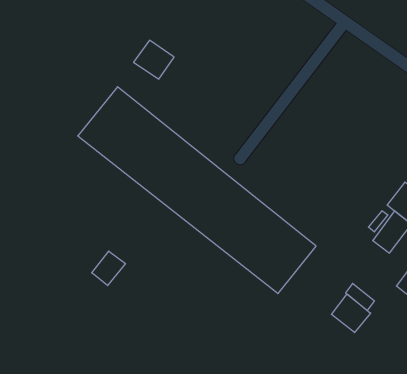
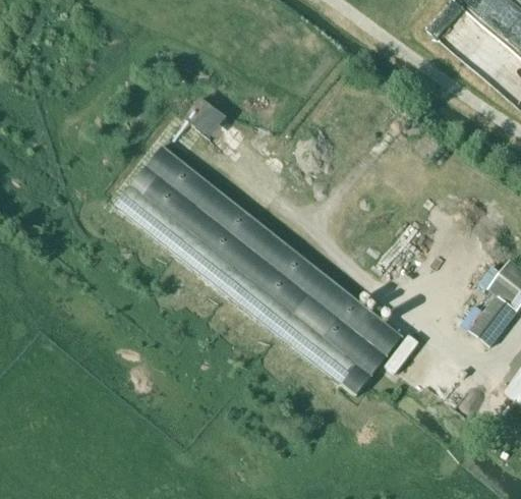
building: [92,251,125,286] -> none
building: [331,294,371,333] -> none

